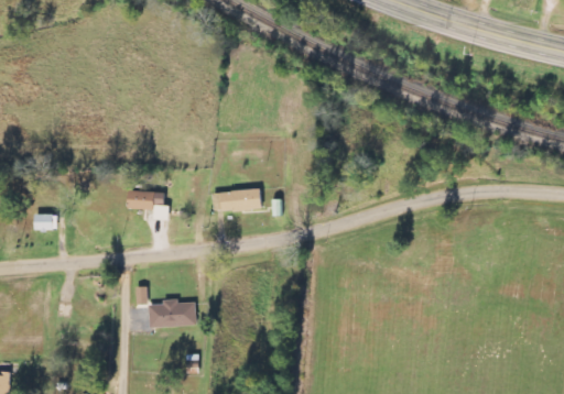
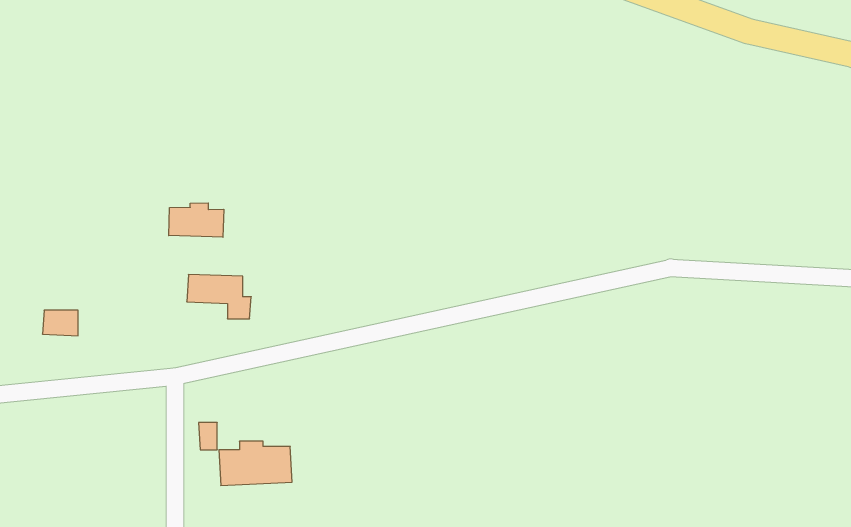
building: none -> [169,203,224,237]
building: [212,190,260,211] -> none

